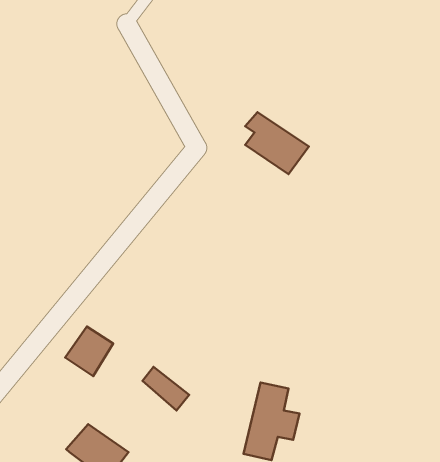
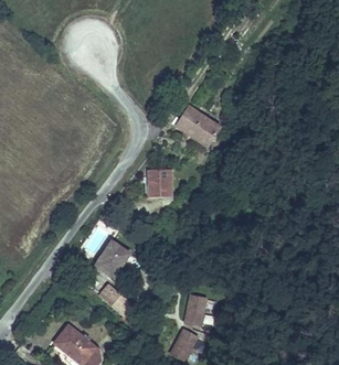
building: none -> [148,167,178,200]
building: [65,326,113,376] -> [96,241,130,277]

